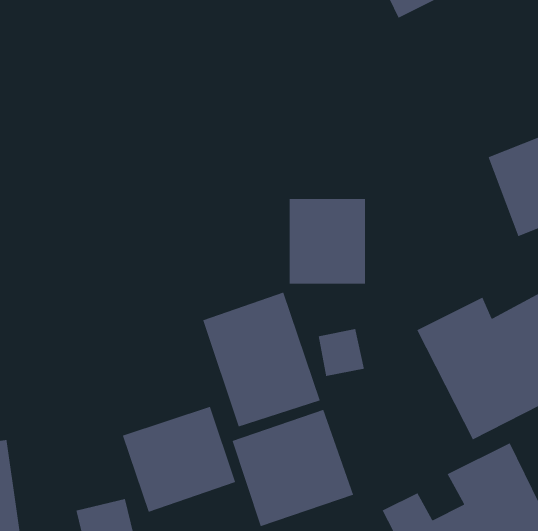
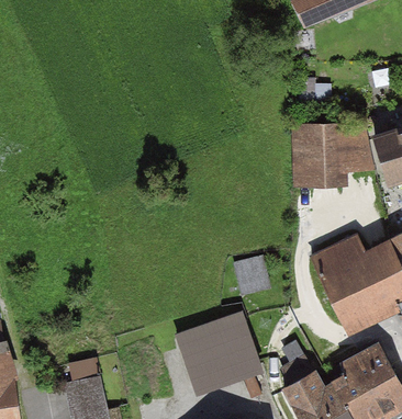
building: [289,198,366,285] -> [292,126,348,189]
building: [202,292,321,428] -> none
building: [122,406,236,513] -> none

